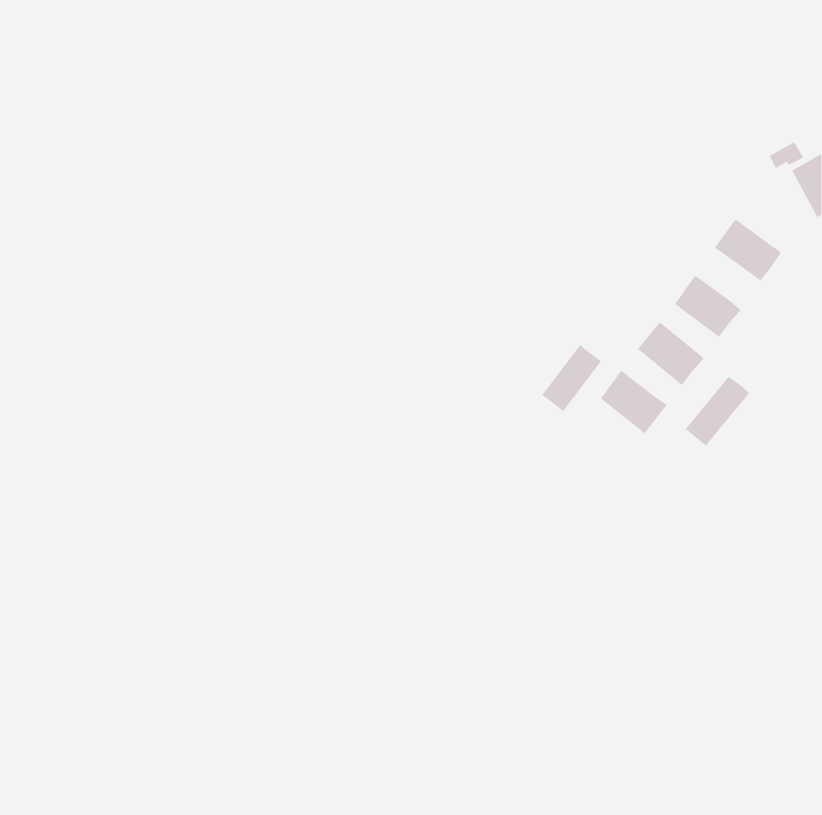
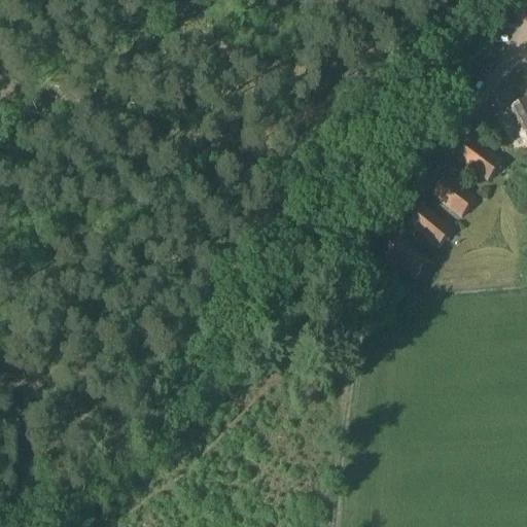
building: [542,344,602,412] -> none
building: [685,376,750,446] -> none

